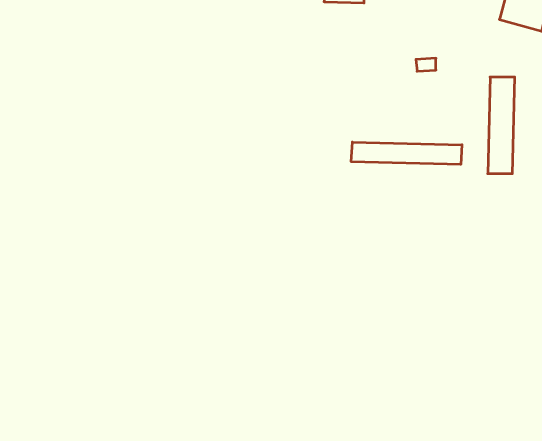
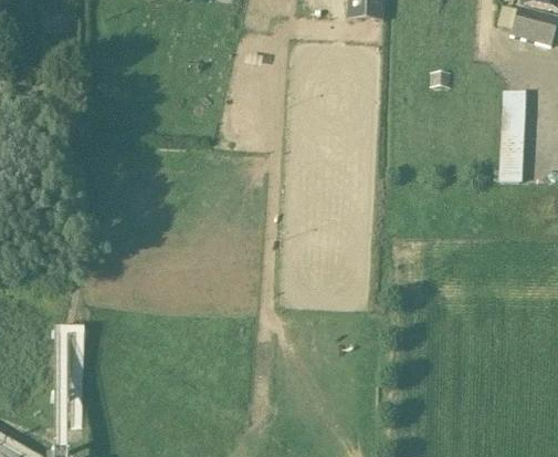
building: [351,142,462,164] -> none

